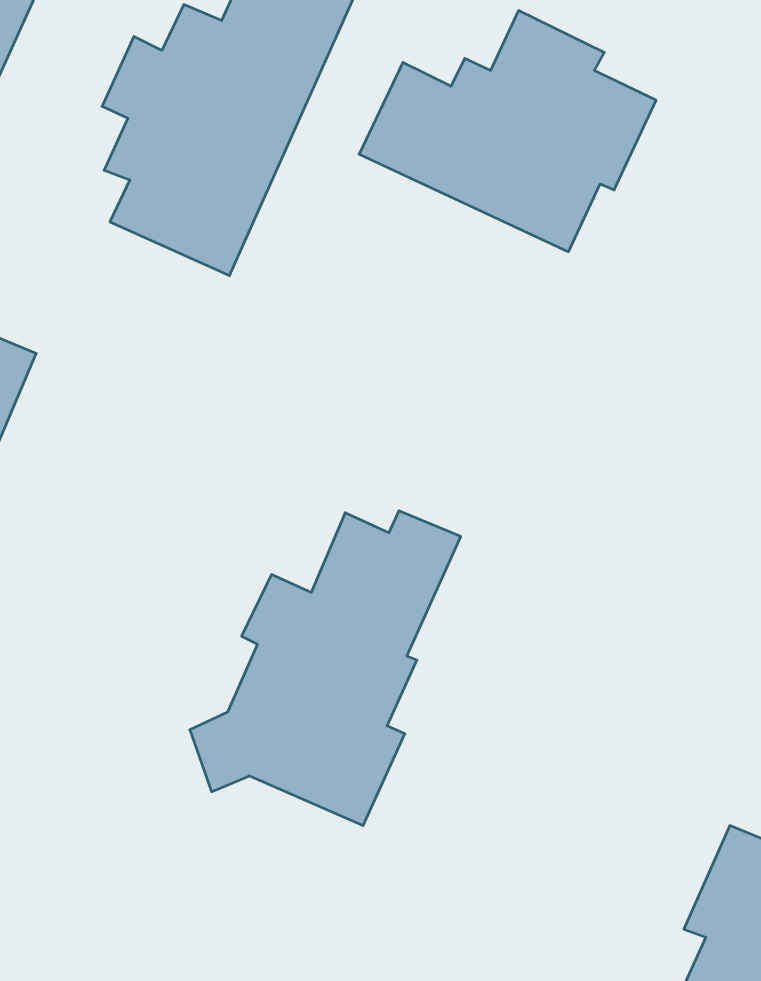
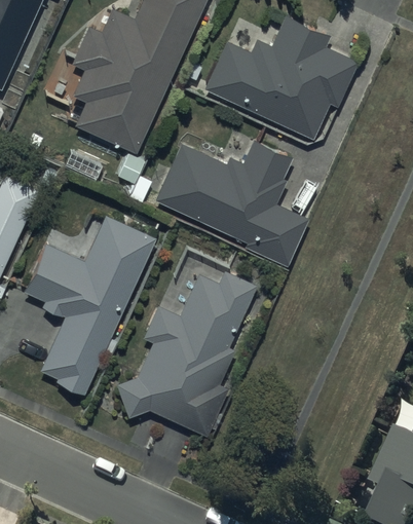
building: none -> [154,141,307,266]
building: none -> [24,217,155,396]

